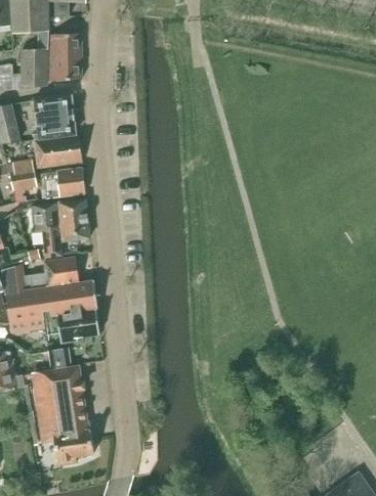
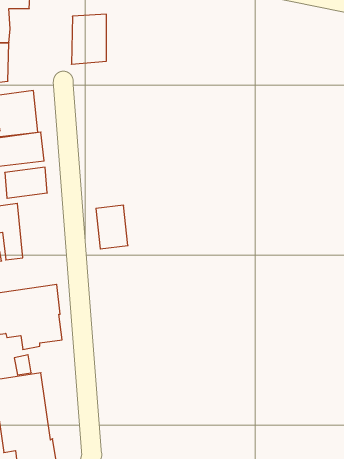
building: [48,33,82,81] -> [71,14,106,64]
building: [58,198,89,240] -> [96,205,128,249]
building: [44,257,79,286] -> none

